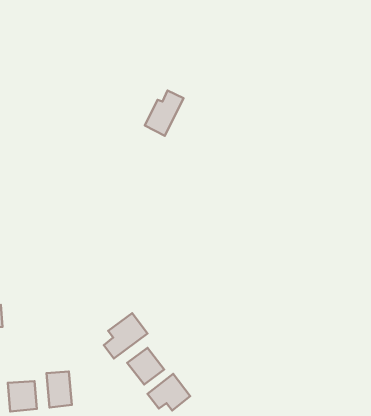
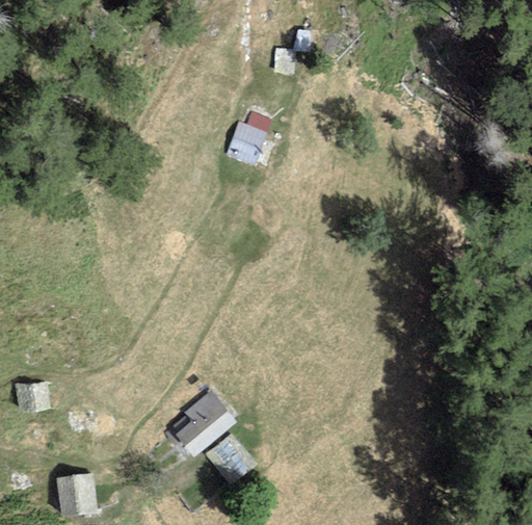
building: [46,371,72,408] -> none
building: [147,374,190,411] -> none

